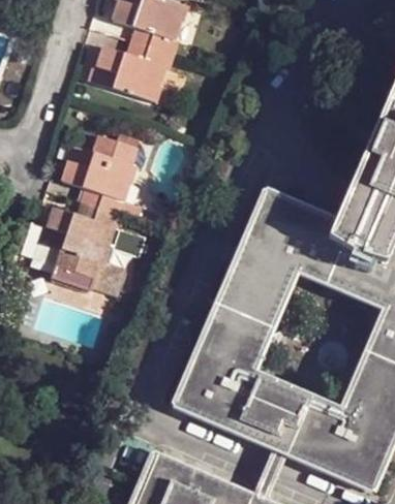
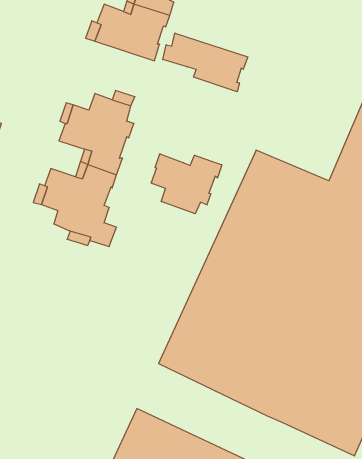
building: none -> [163,33,248,92]
building: none -> [151,154,222,214]

